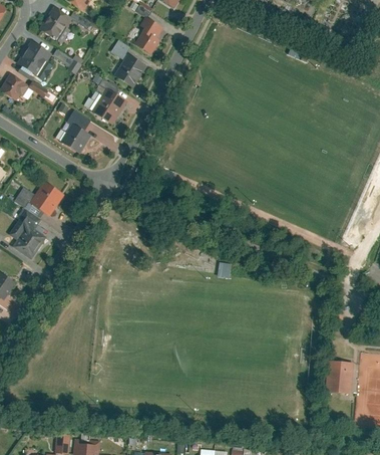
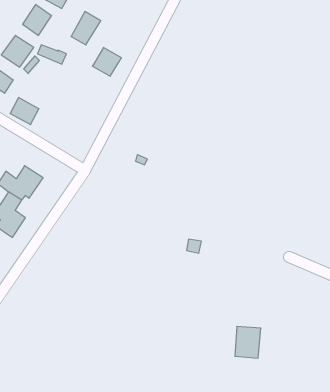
building: [135,13,167,49] -> [71,11,101,45]
building: [95,87,128,123] -> none
building: [62,123,93,152] -> [10,98,39,125]
building: [325,361,353,395] -> [235,326,261,358]

